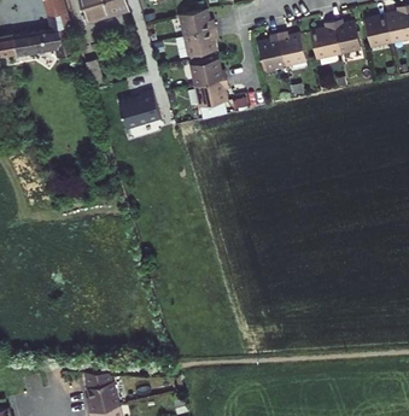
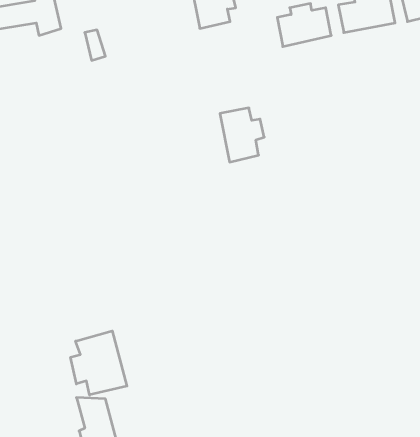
building: [192,57,230,104] -> [220,108,264,162]
building: [121,88,163,124] -> none
building: none -> [71,331,127,395]

